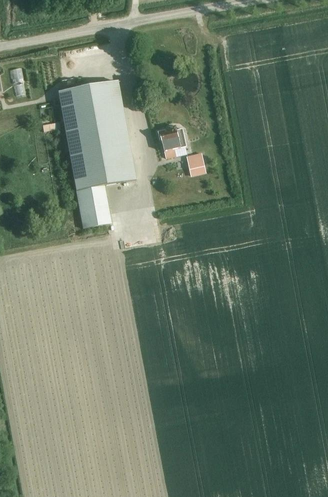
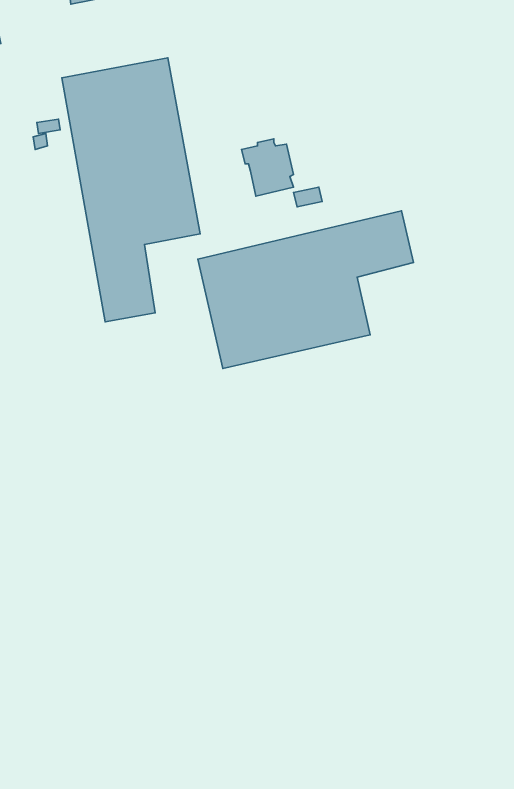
building: none -> [198,211,414,369]

